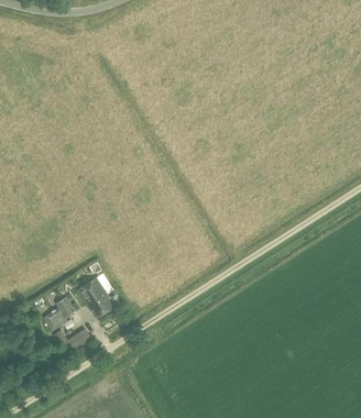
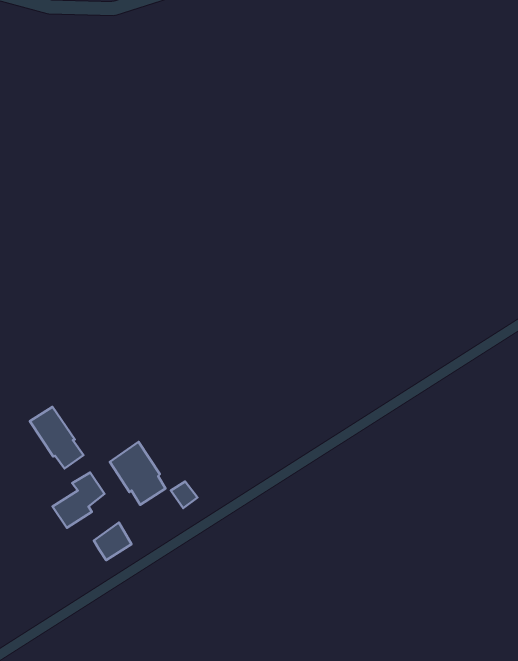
building: none -> [30,407,83,469]

